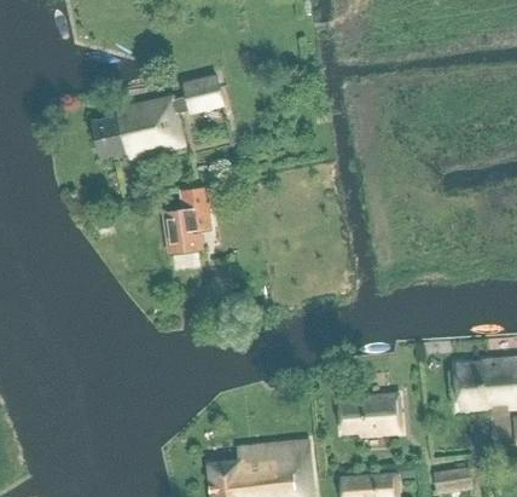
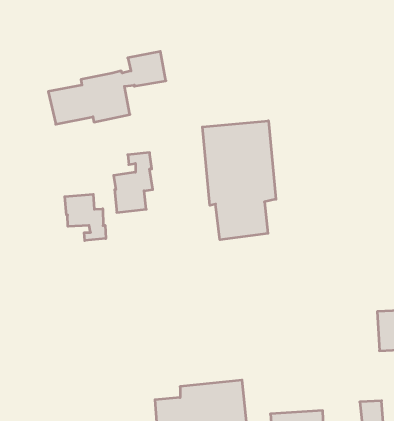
building: none -> [202,121,276,240]
building: none -> [65,194,106,241]
building: [338,393,401,433] -> none

